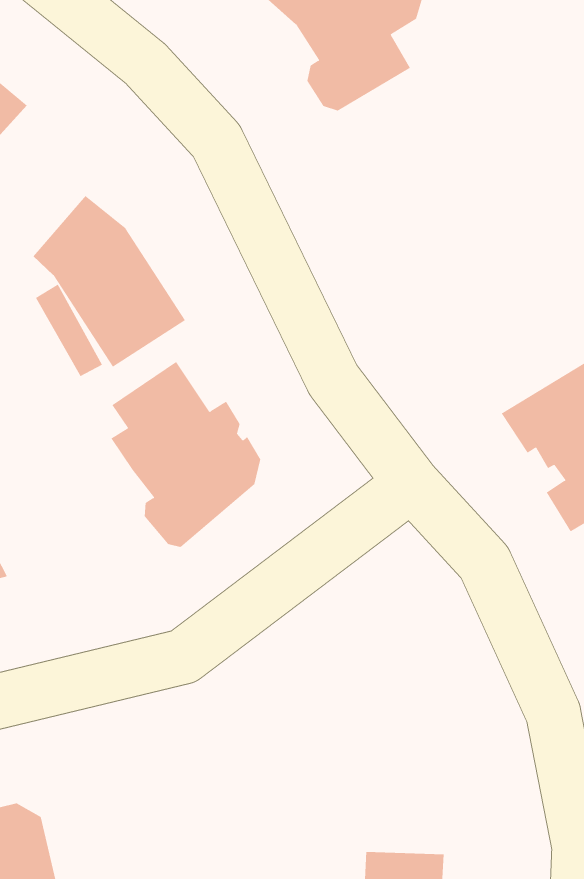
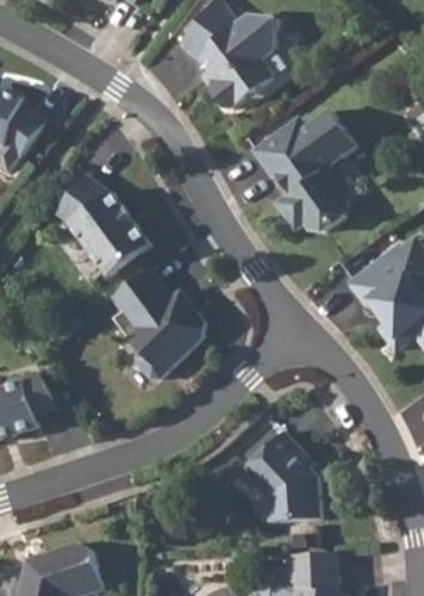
building: none -> [254,108,357,230]
building: none -> [239,430,320,521]

